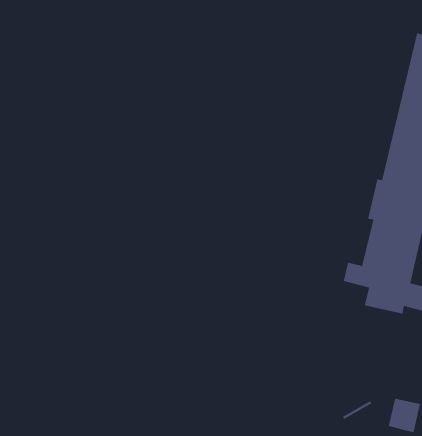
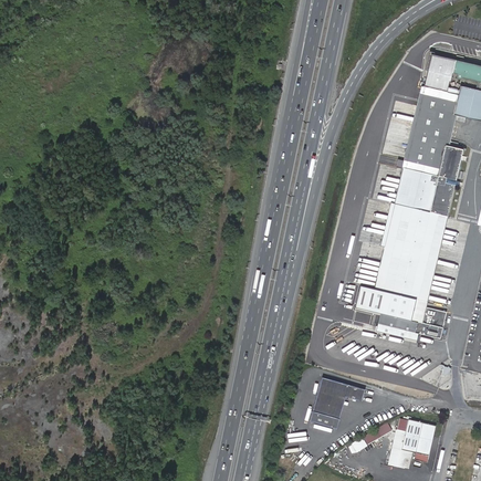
building: none -> [312,376,367,428]

